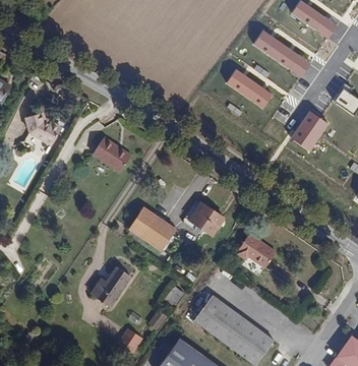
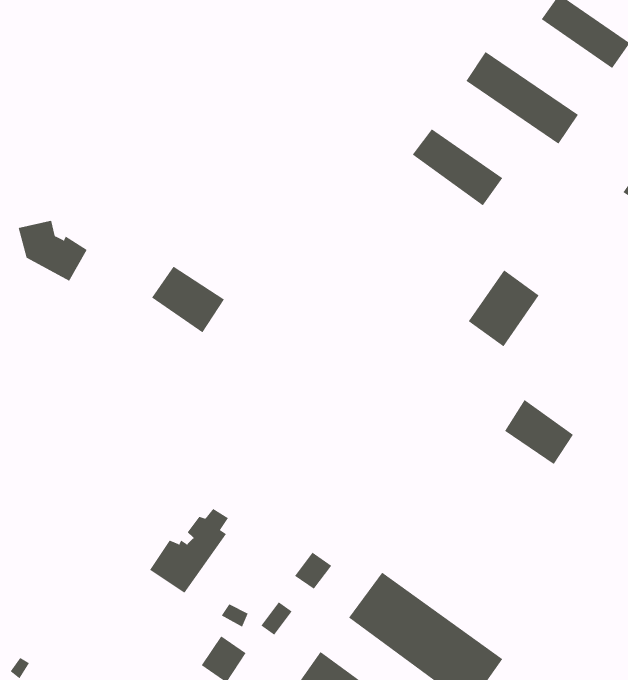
building: [292,111,329,150] -> [468,270,540,347]
building: [189,202,224,236] -> none
building: [128,207,175,250] -> none
building: [239,235,275,268] -> [504,399,574,465]

